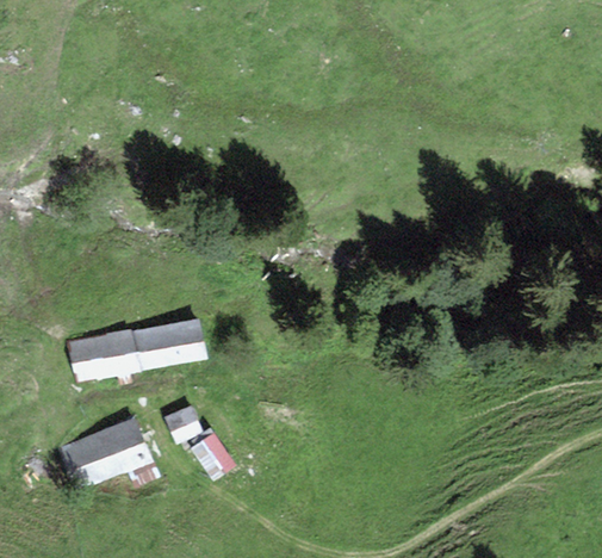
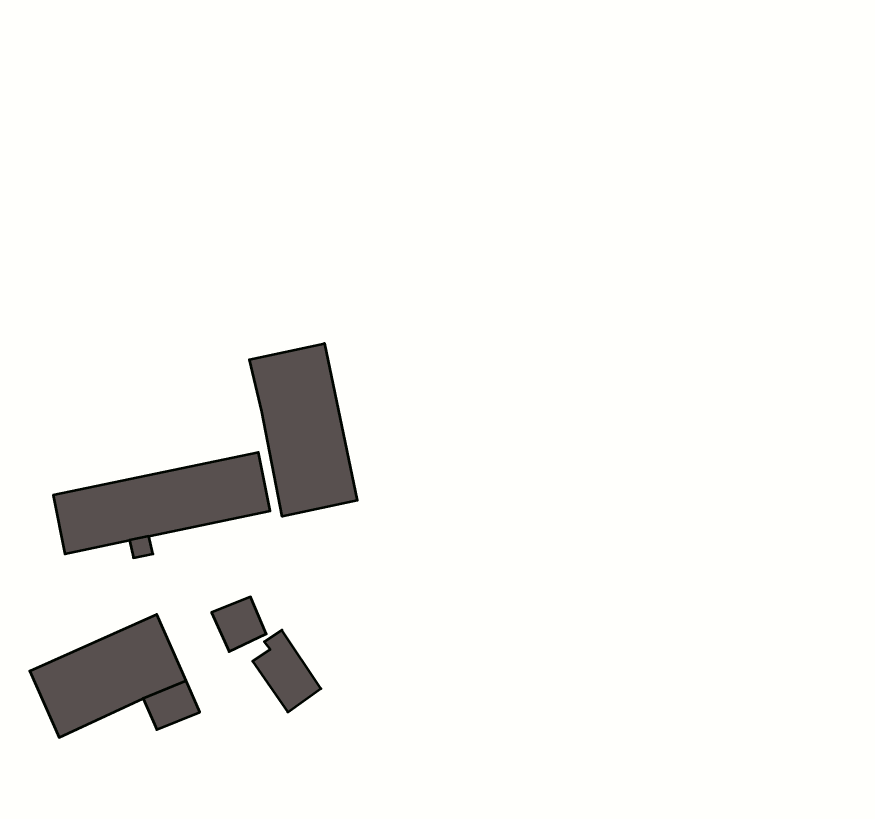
building: none -> [249,343,357,516]

